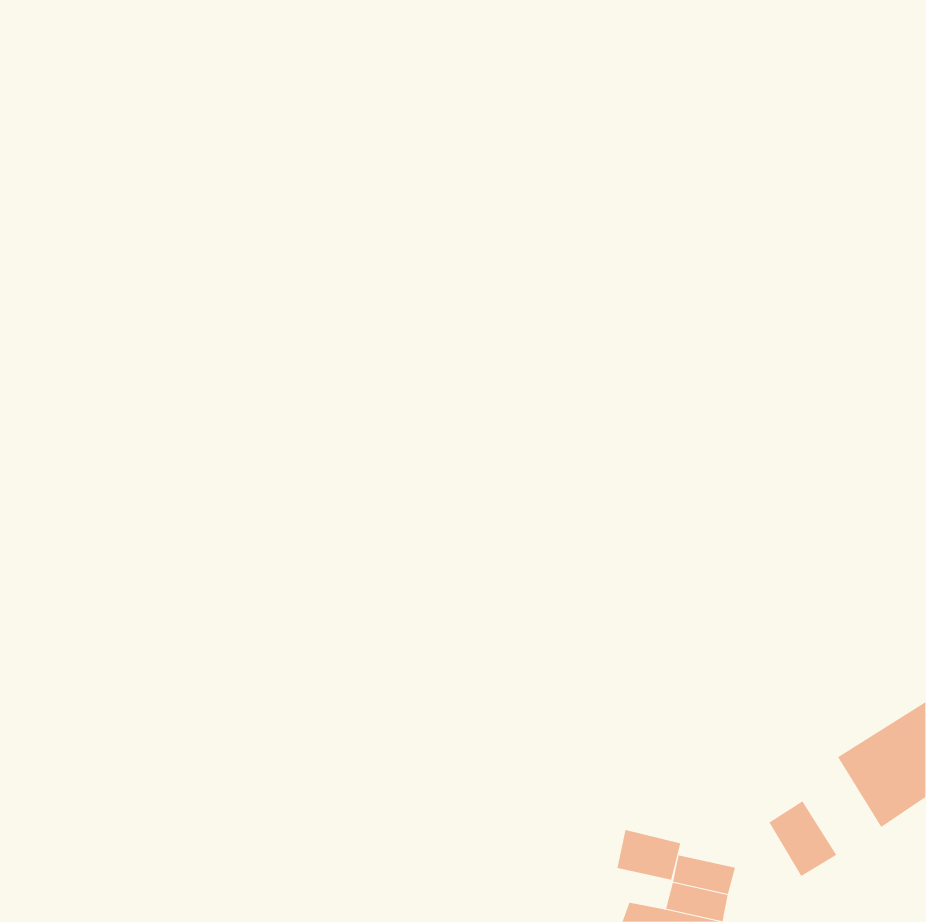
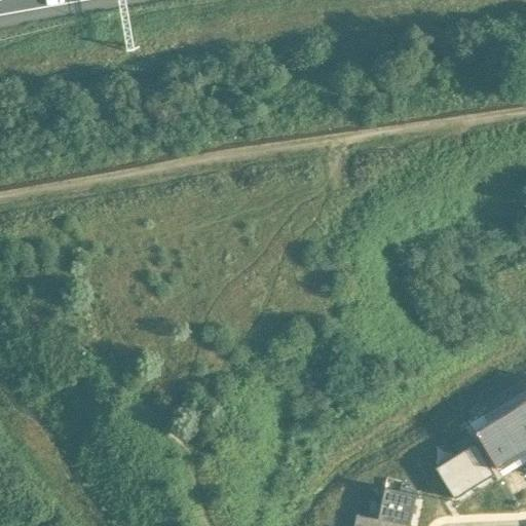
building: none -> [455,442,494,485]
building: [617,829,681,880] -> none

